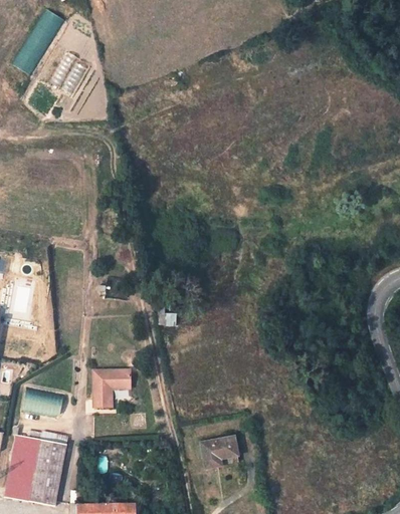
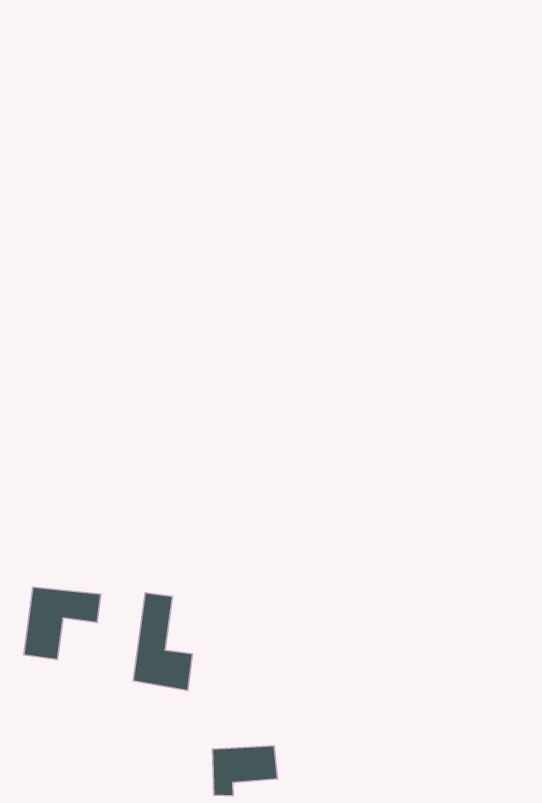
building: none -> [133,593,193,690]

